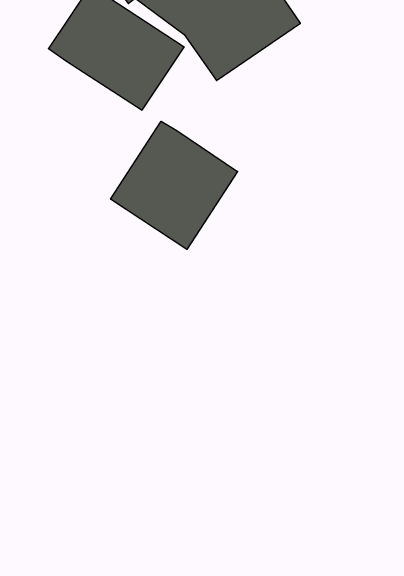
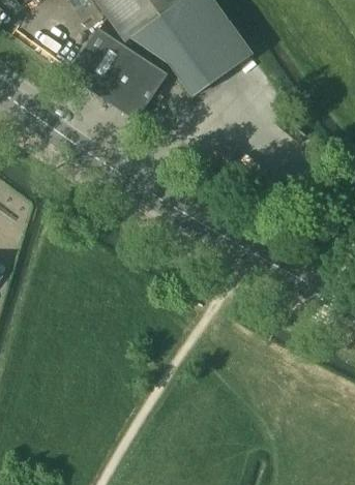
building: [111,121,238,249] -> none

